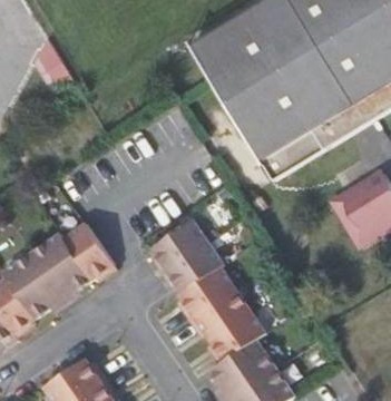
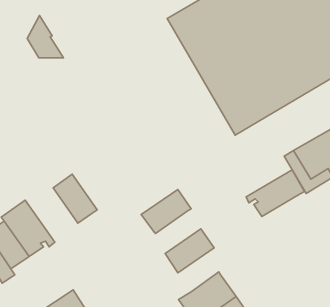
building: none -> [246,170,305,217]
building: [149,217,207,268] -> none
building: [30,233,91,301] -> none
building: [177,264,234,314] -> none
building: [207,307,265,359] -> none

